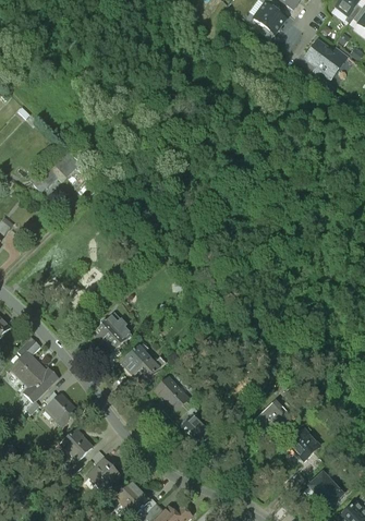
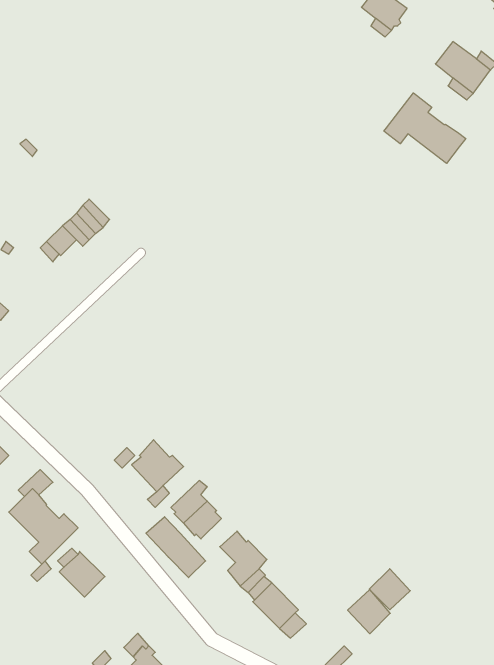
building: none -> [384,93,466,163]
building: none -> [146,517,206,578]
building: [62,429,92,459] -> none
building: [288,429,317,460] -> [348,590,390,634]

